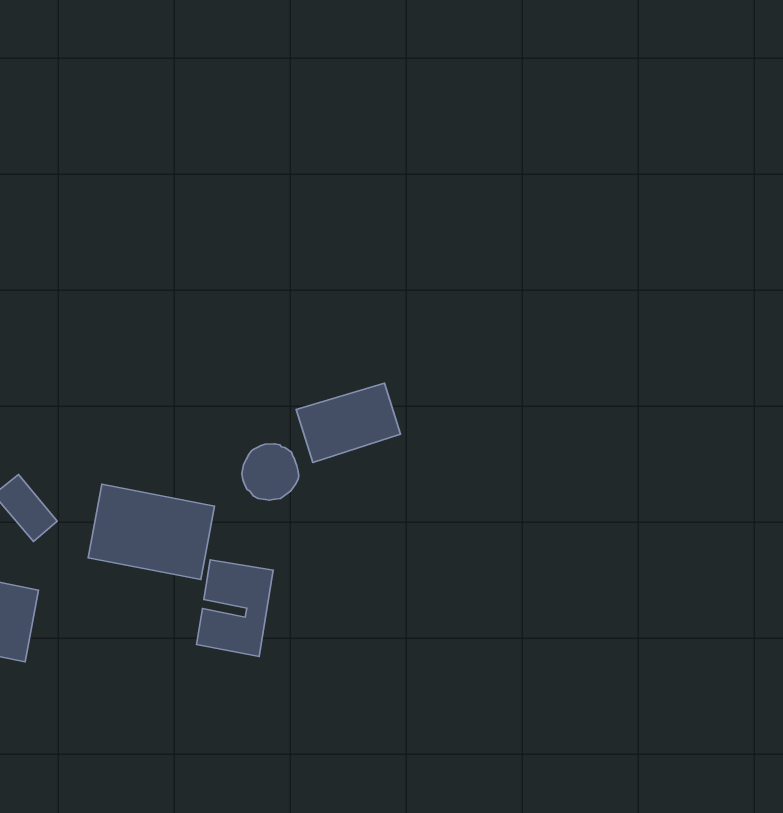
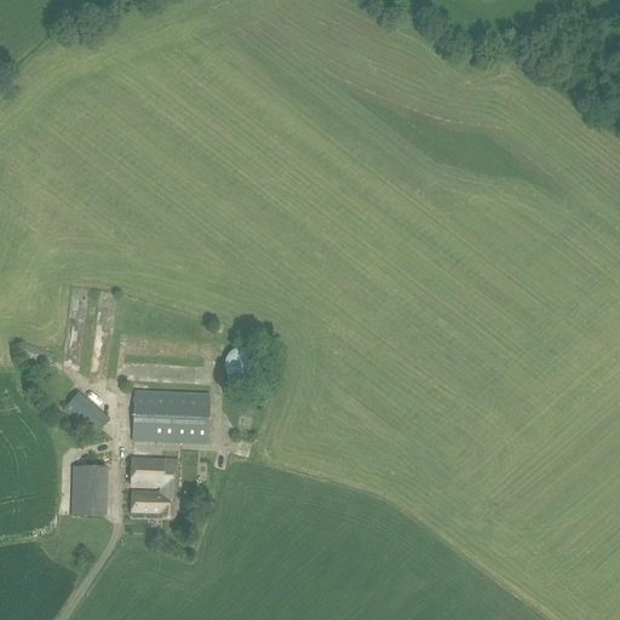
building: [296,383,401,463] -> none
building: [197,560,273,656] -> [131,458,173,516]

